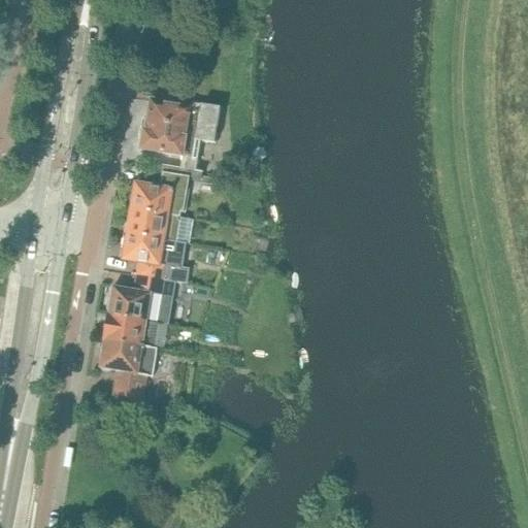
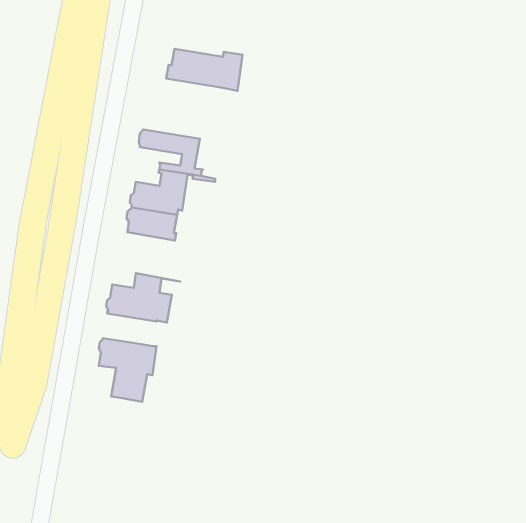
building: [143,100,220,142] -> [166,49,243,91]
building: [123,233,189,283] -> none
building: [101,315,157,348] -> none

